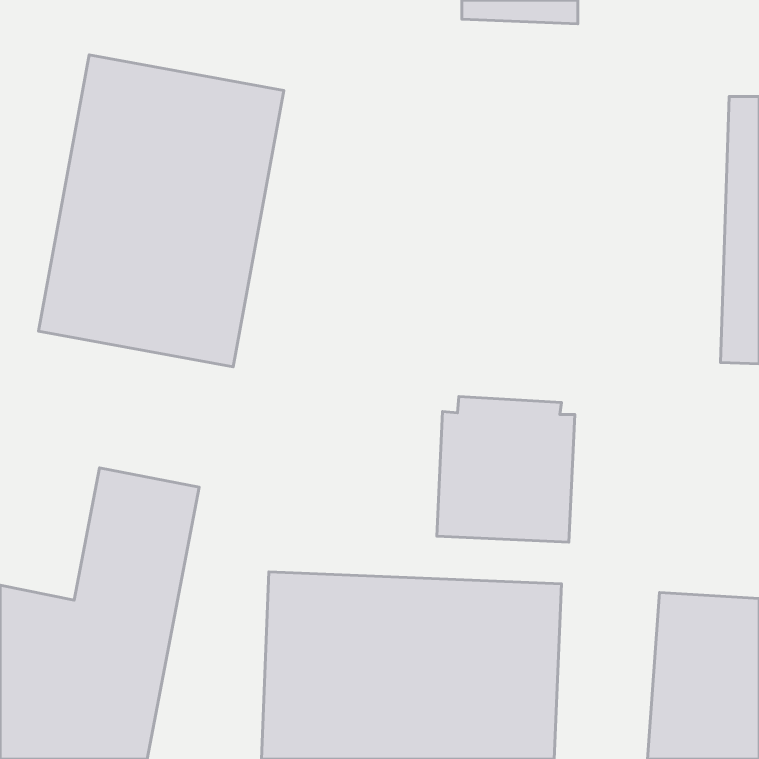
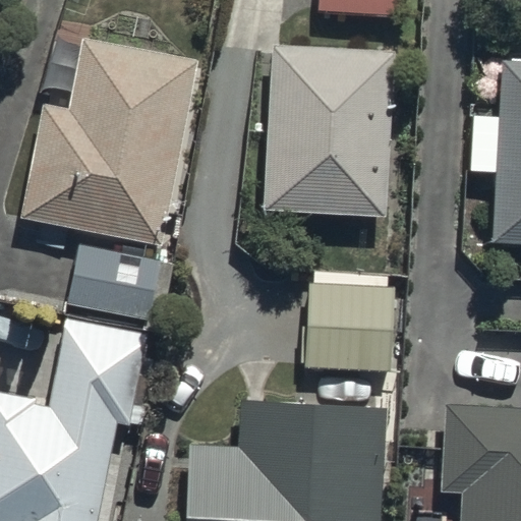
building: none -> [266,49,399,215]
building: none -> [61,243,173,316]

